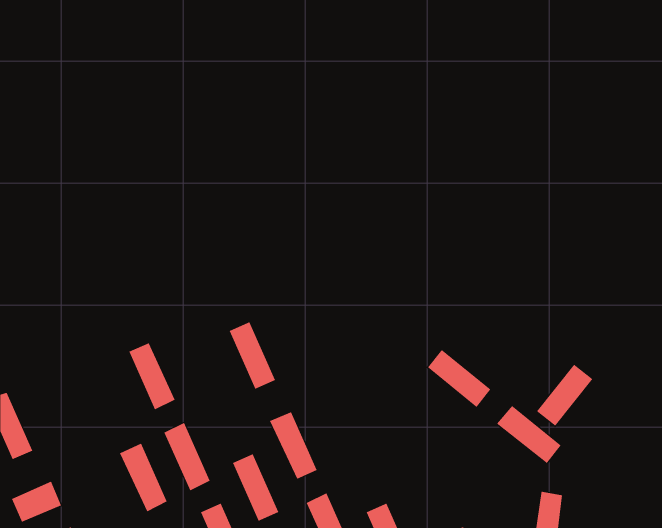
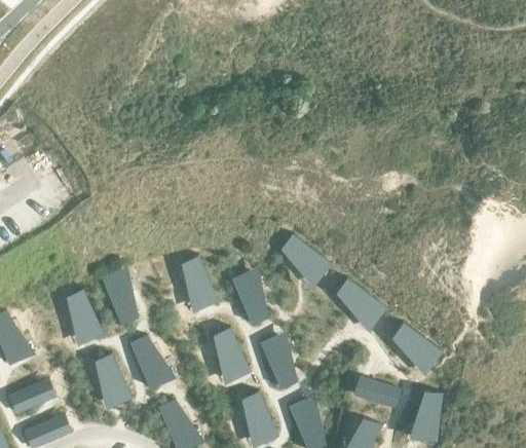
building: none -> [281,233,332,279]
building: none -> [231,271,268,325]
building: none -> [67,290,105,343]
building: [536,364,593,427] -> none
building: [232,454,279,521] -> [260,335,297,388]
building: none -> [363,379,403,409]

